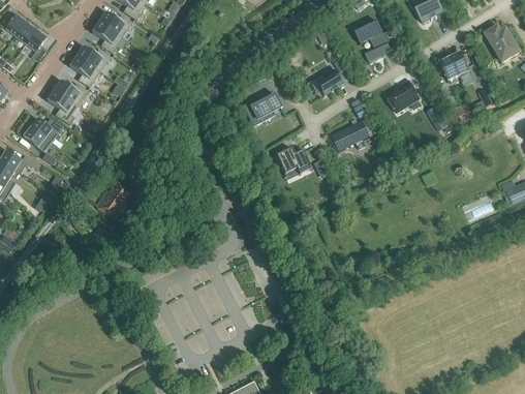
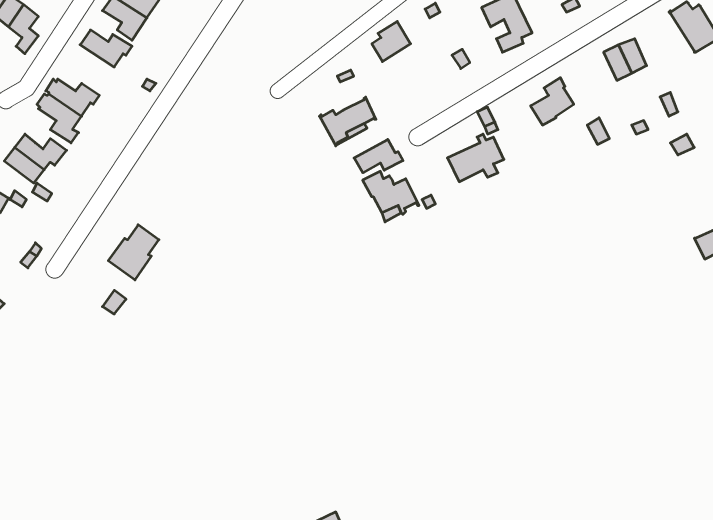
building: [69,56,99,87] -> none
building: [316,66,343,94] -> [372,21,411,62]
building: none -> [354,139,403,173]

